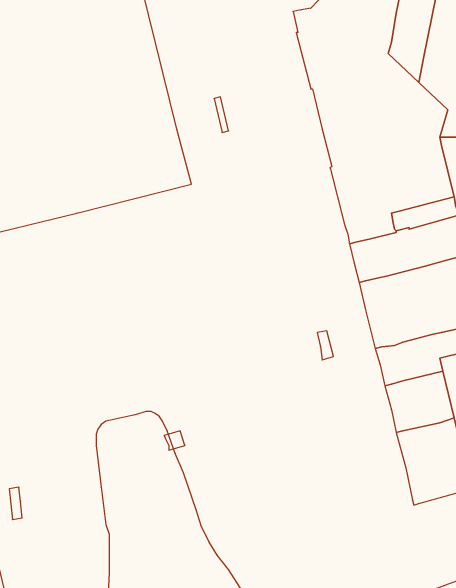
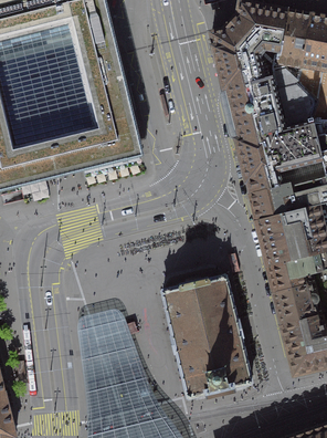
building: none -> [160,275,254,402]

